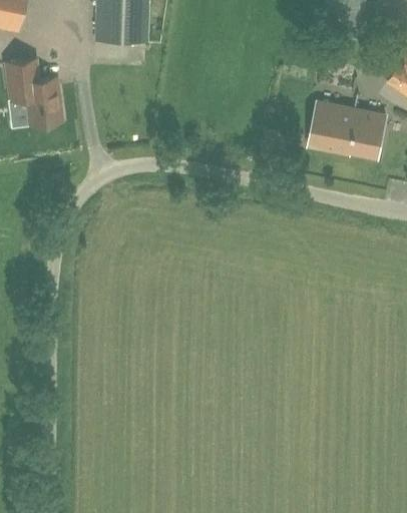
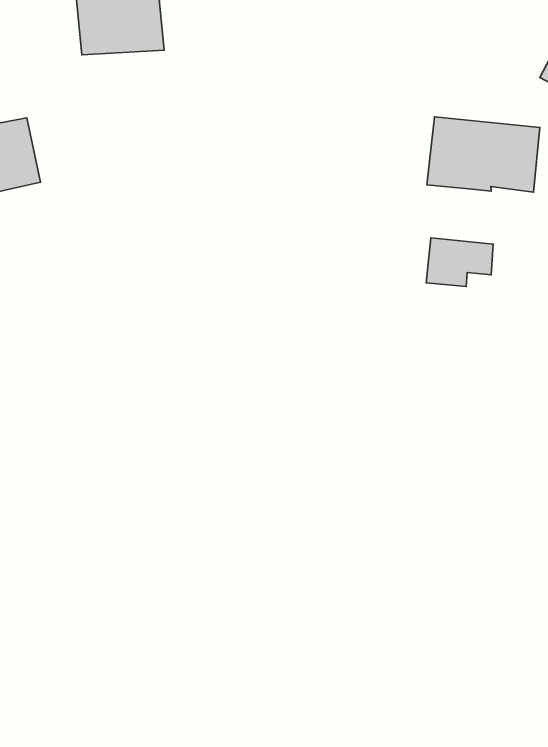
building: none -> [426,238,493,286]

